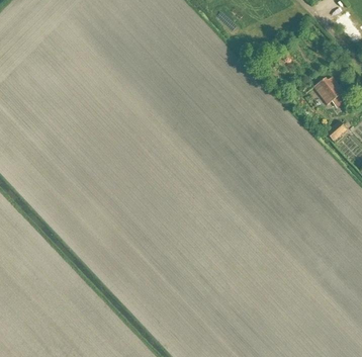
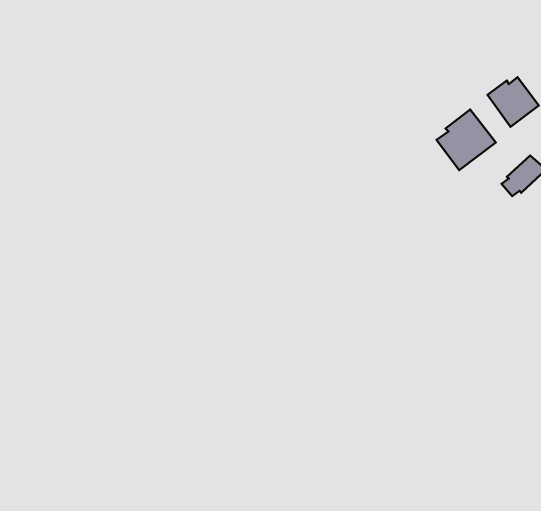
building: none -> [437,110,496,170]

